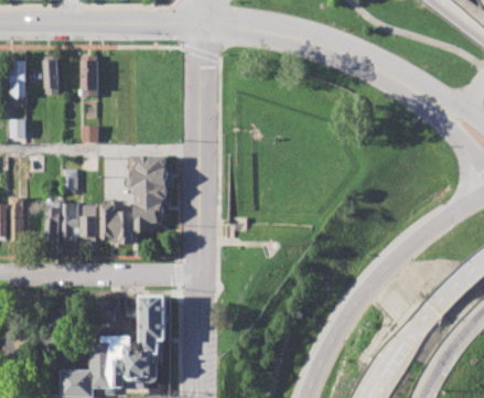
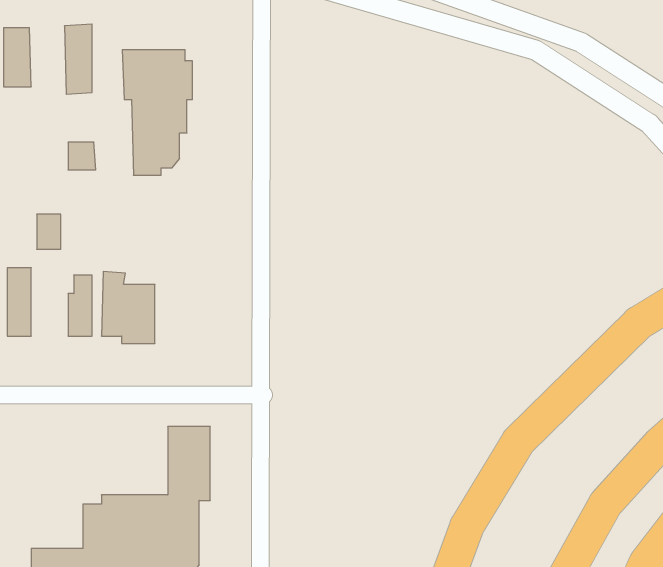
building: [130,157,172,232] -> [122,50,192,175]
building: [62,204,78,241] -> none

